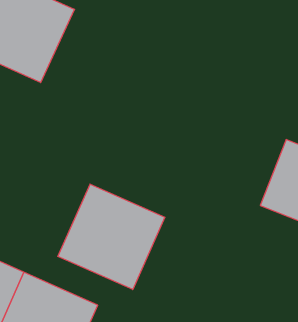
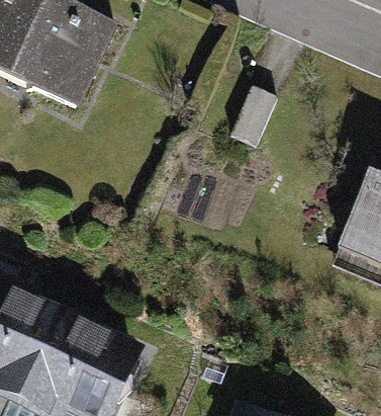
building: [58,184,165,290] -> none

